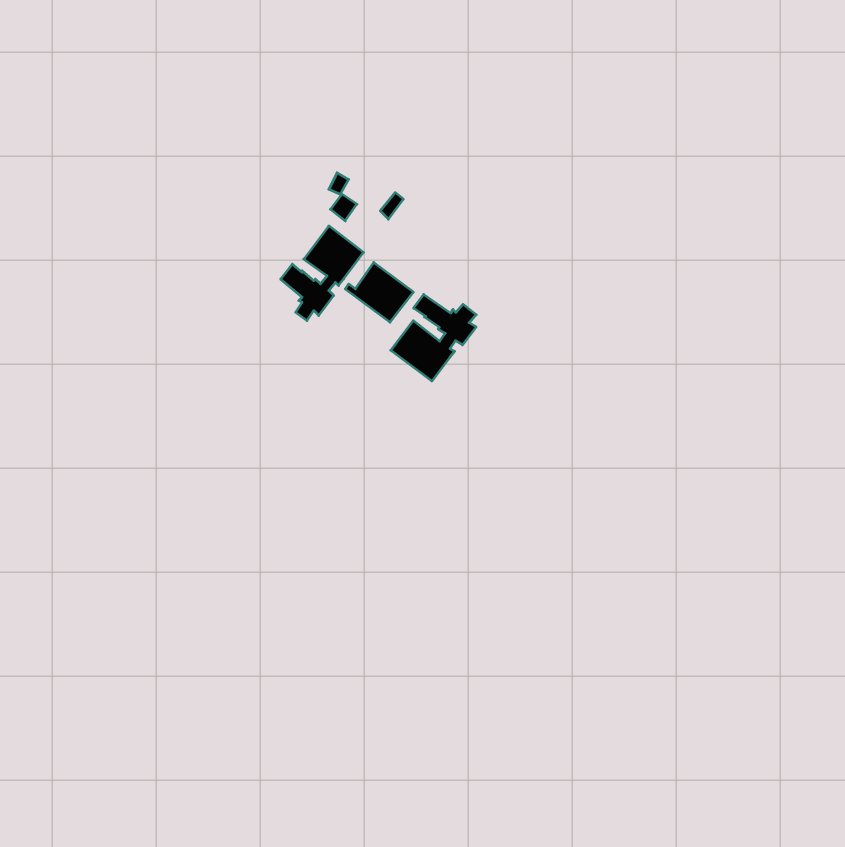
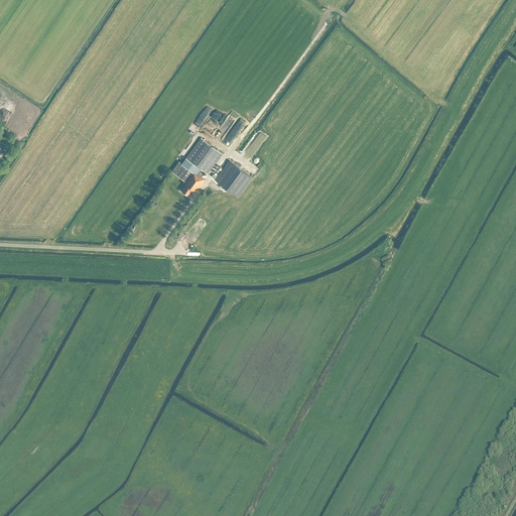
building: [391,294,476,381] -> none

